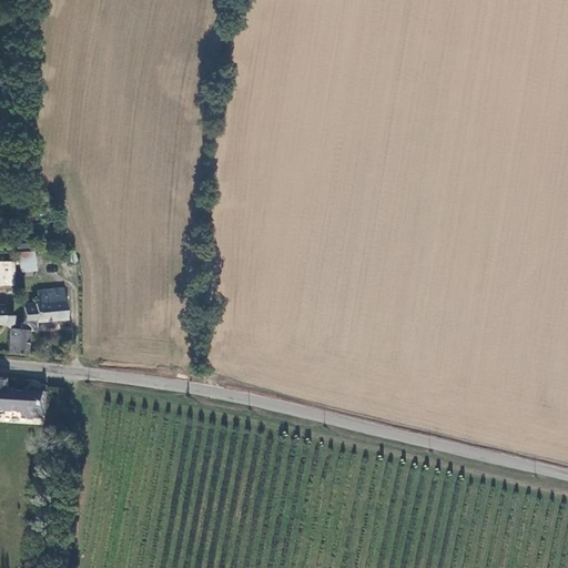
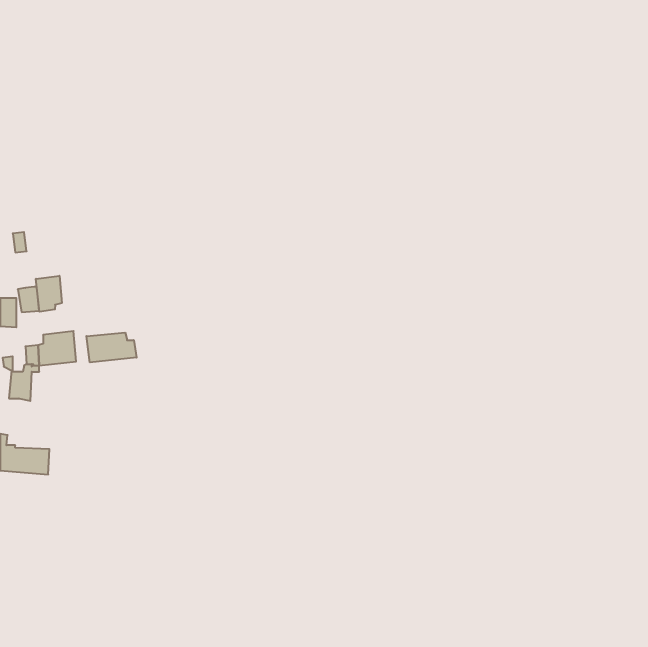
building: none -> [36,276,62,312]
building: none -> [86,333,137,362]

